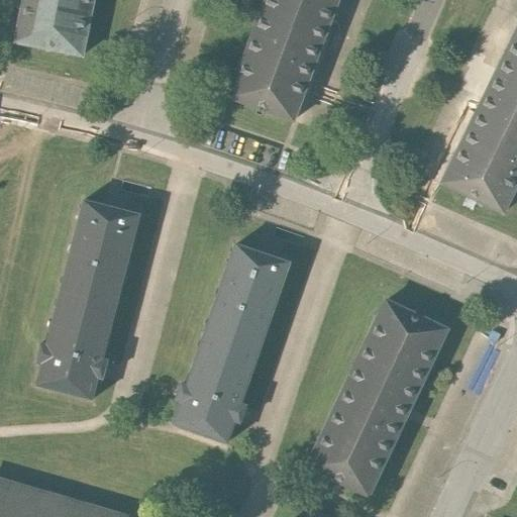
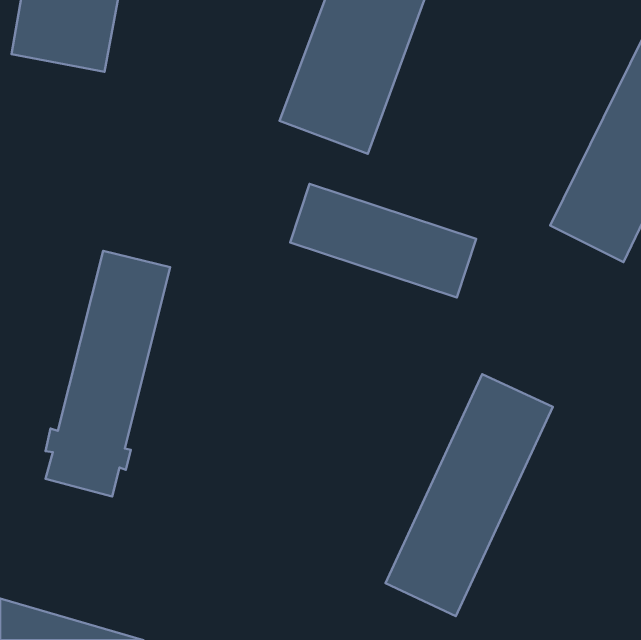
building: none -> [290,184,476,297]
building: [172,236,290,441] -> none

